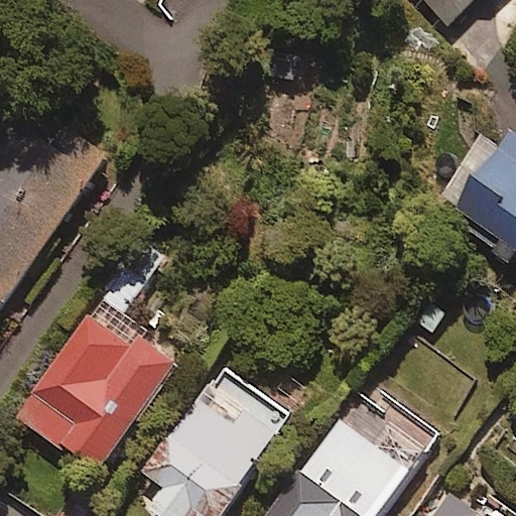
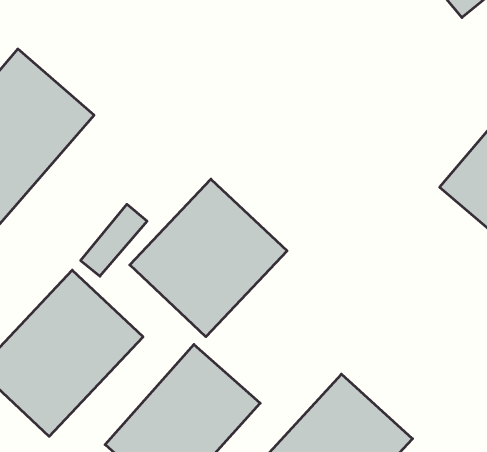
building: none -> [130,179,287,337]

